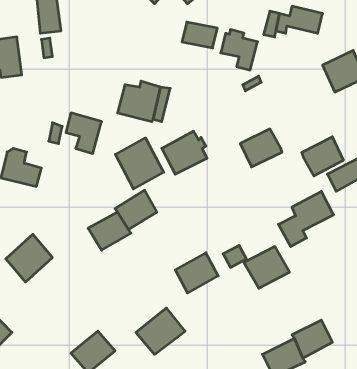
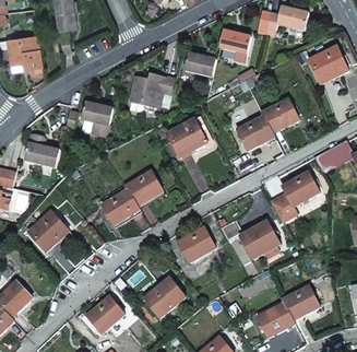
building: [182,22,217,48] -> [185,54,216,77]
building: [302,137,343,176] -> [261,98,298,133]
building: [115,138,164,189] -> none

